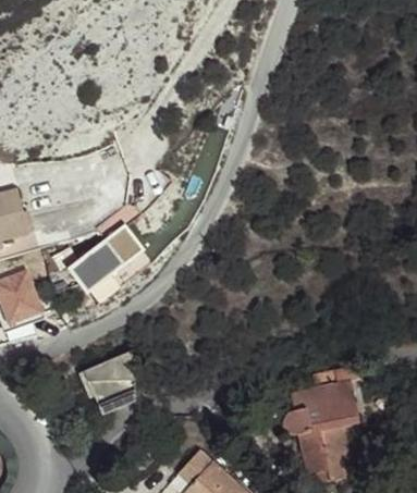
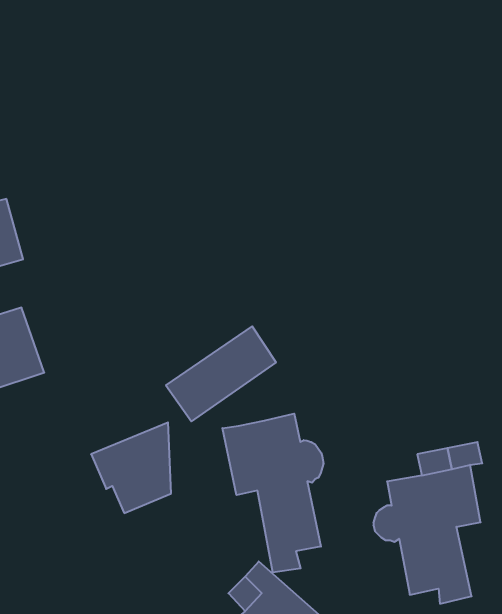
building: [63,225,143,294] -> [166,326,276,421]
building: none -> [222,414,323,573]

